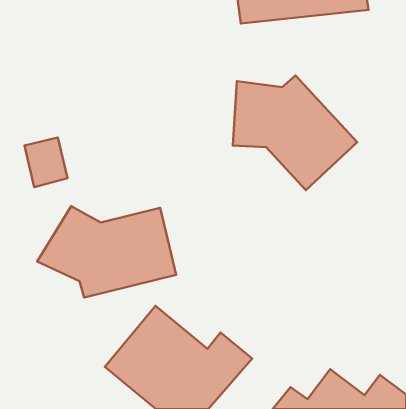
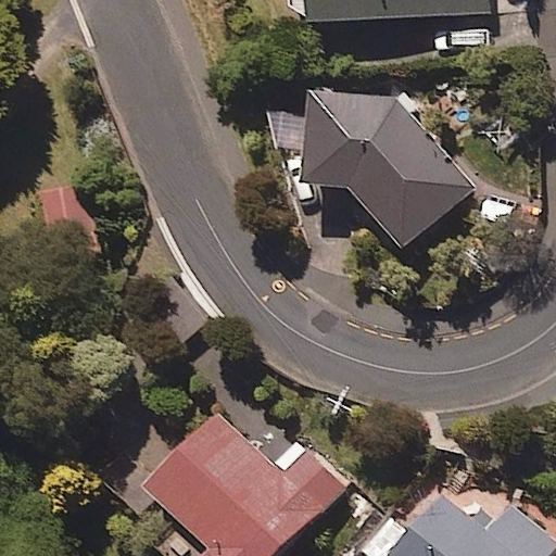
building: [37,206,176,297] -> none

